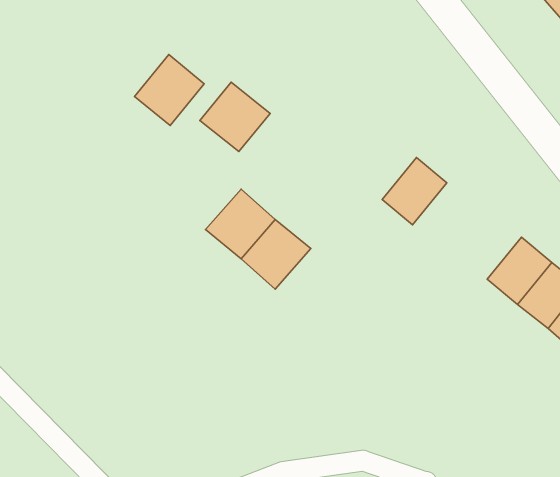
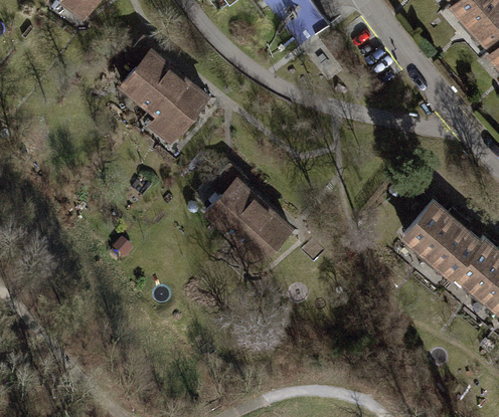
building: none -> [121,53,176,109]
building: [200,82,270,152] -> none
building: [382,157,447,225] -> [404,200,456,253]

